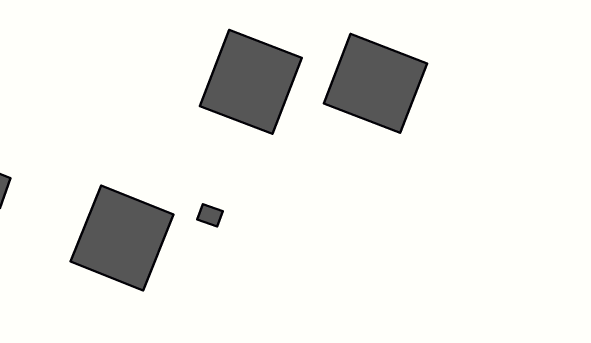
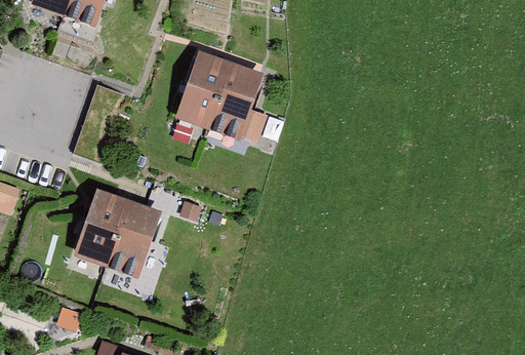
building: [324,34,427,133] -> none

